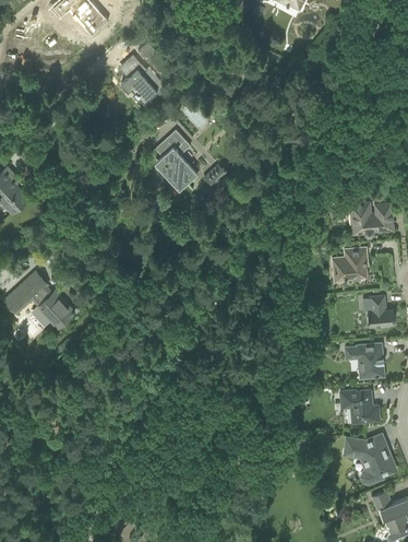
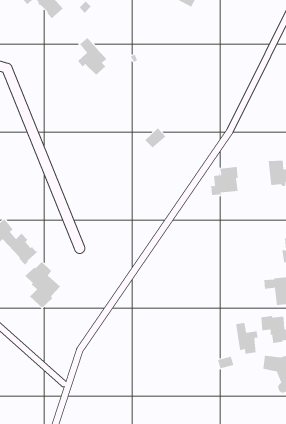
building: [149,129,196,189] -> none
building: [333,246,367,281] -> [210,167,239,196]
building: none -> [25,261,61,308]
building: none -> [235,322,258,354]

